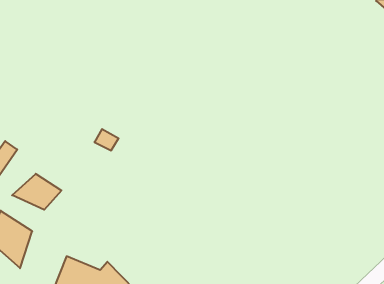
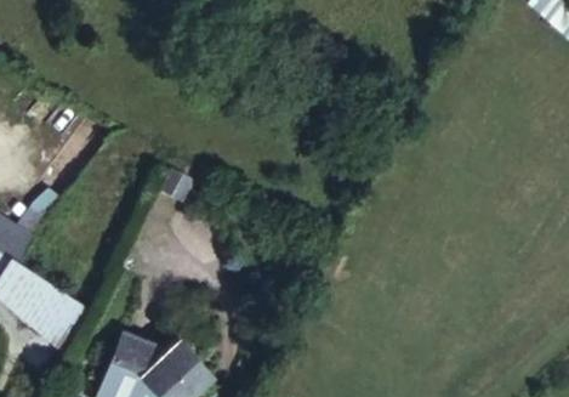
building: [12,174,61,210] -> none

